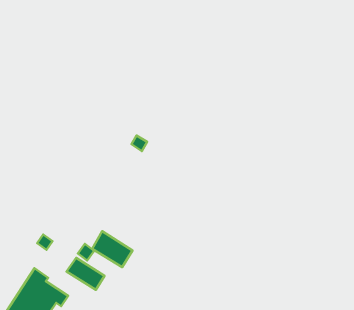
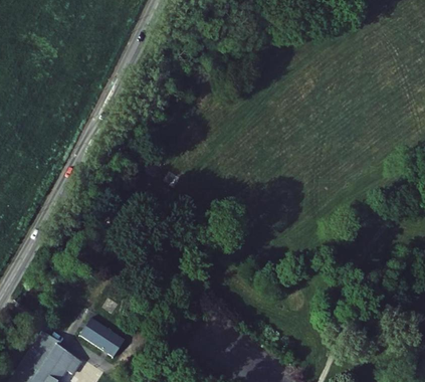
building: [92,231,132,267] -> none

